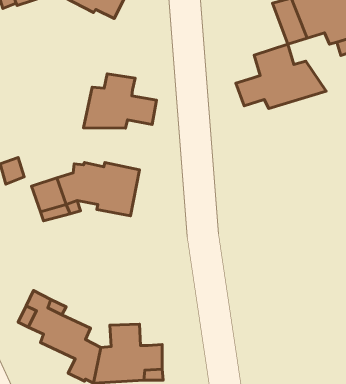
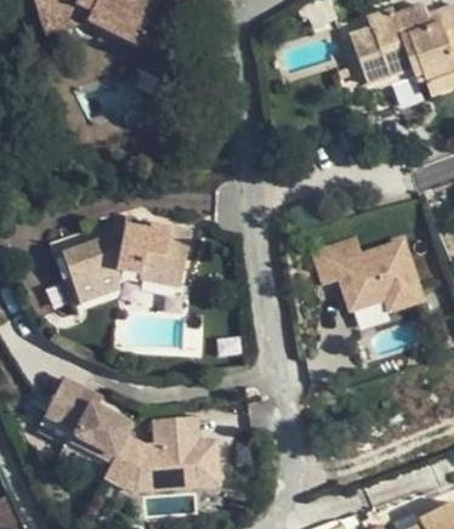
building: [236,44,326,109] -> none
building: [84,74,156,128] -> none
building: none -> [310,237,427,329]

